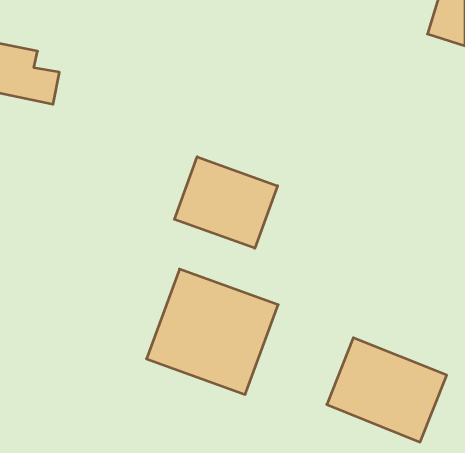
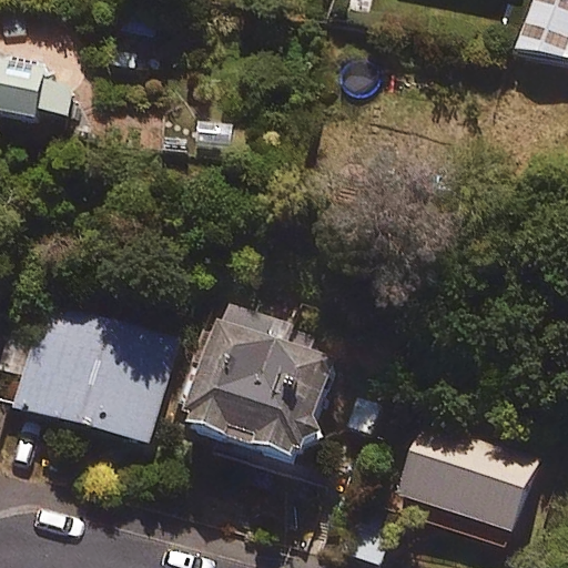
building: [174,157,278,248] -> none
building: none -> [10,285,181,445]

